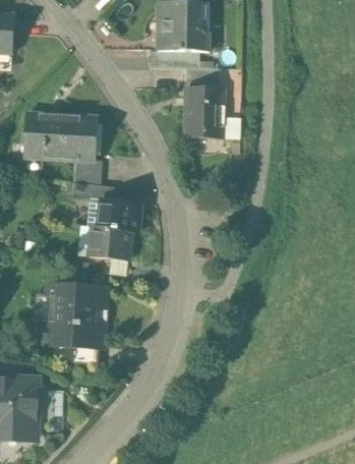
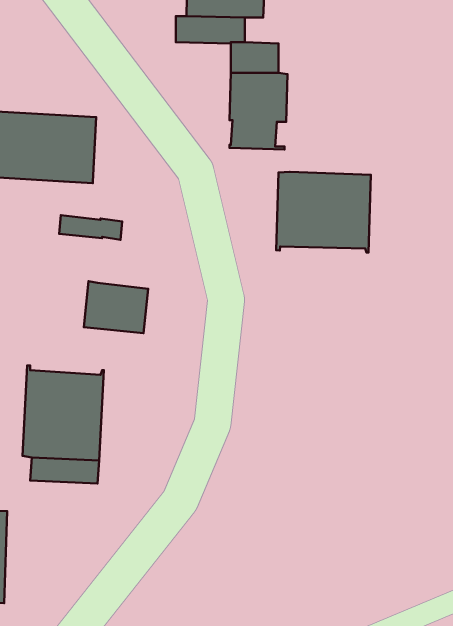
building: none -> [276,172,371,253]
building: [72,159,101,184] -> none
building: [97,195,140,230] -> none

